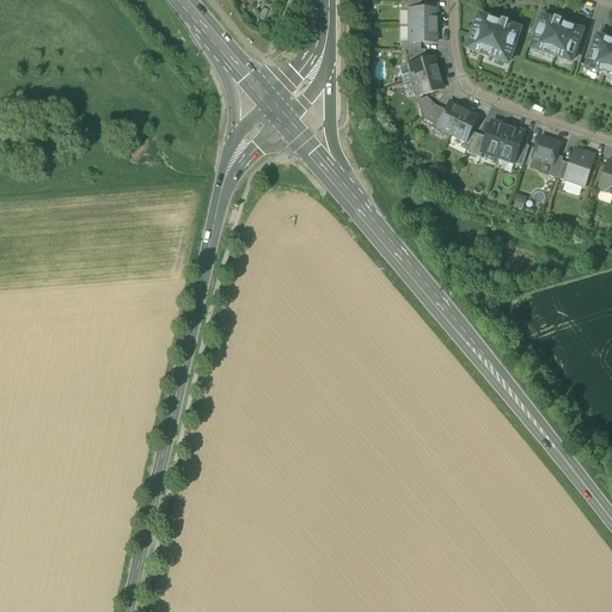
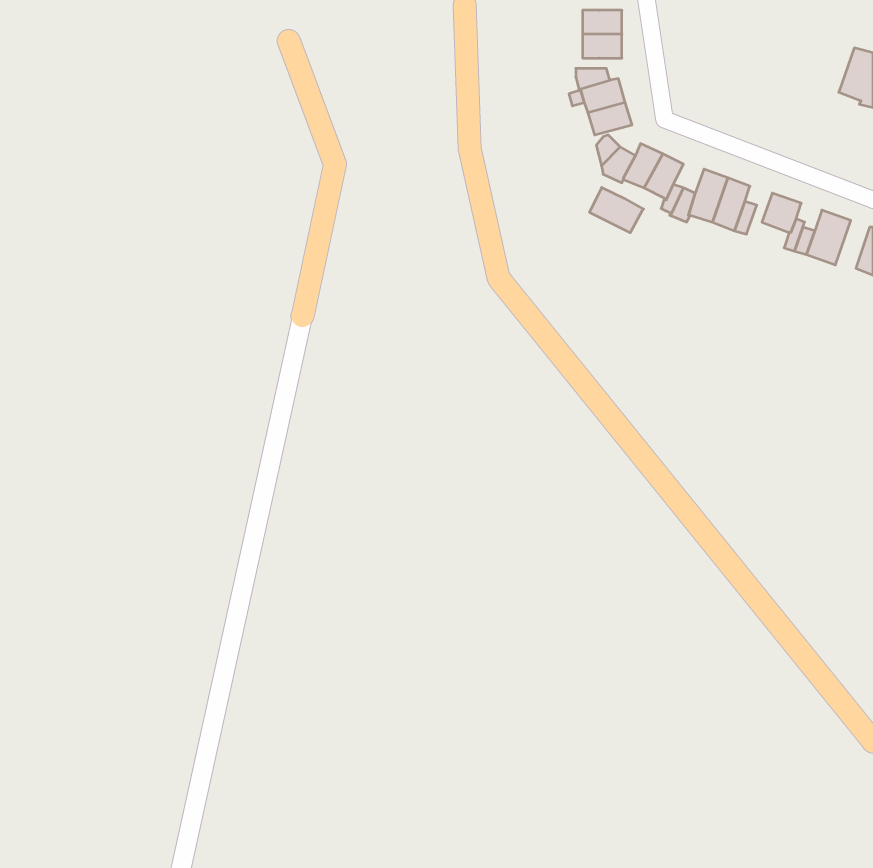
building: [467,13,520,61] -> none
building: [532,14,582,60] -> none
building: none -> [590,187,644,233]

